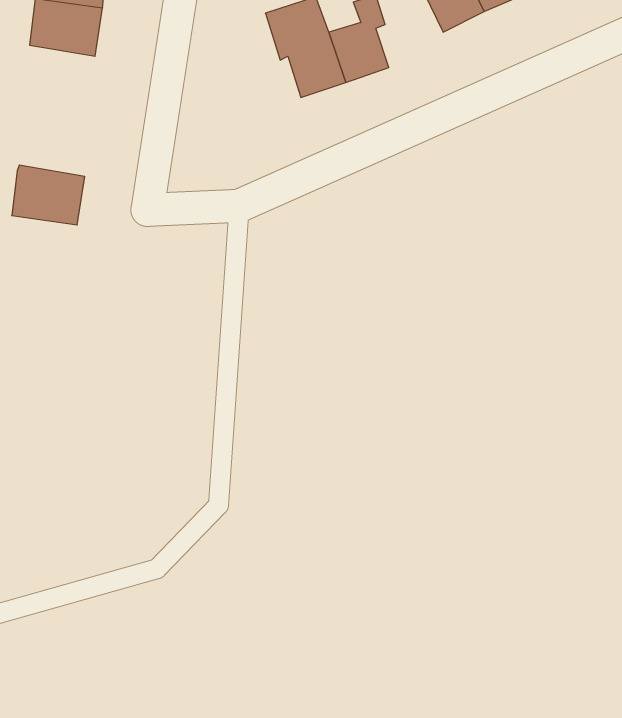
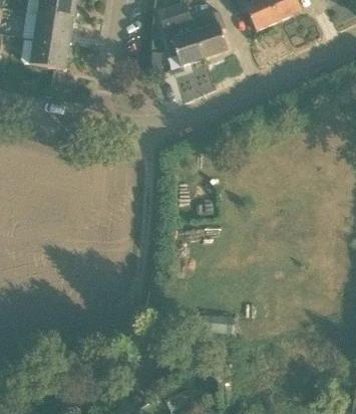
building: [12,165,85,225] -> [27,35,66,67]

